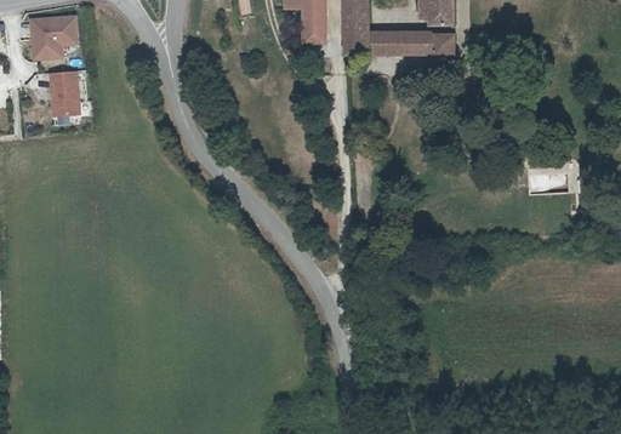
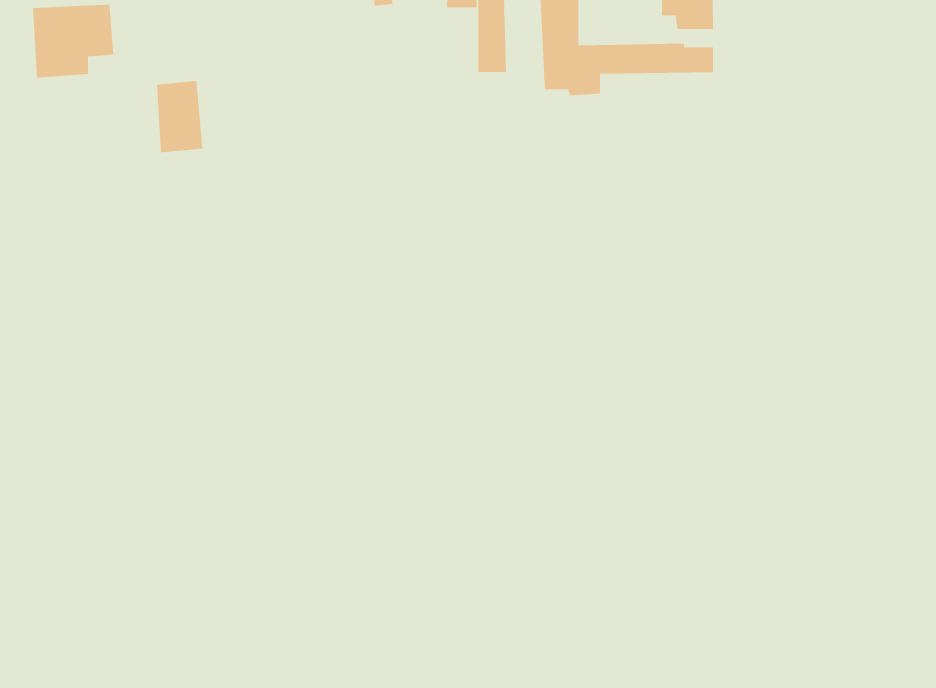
building: [55,74,84,119] -> [156,81,203,153]

